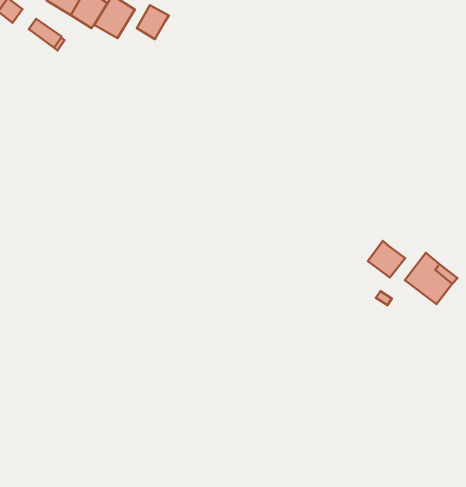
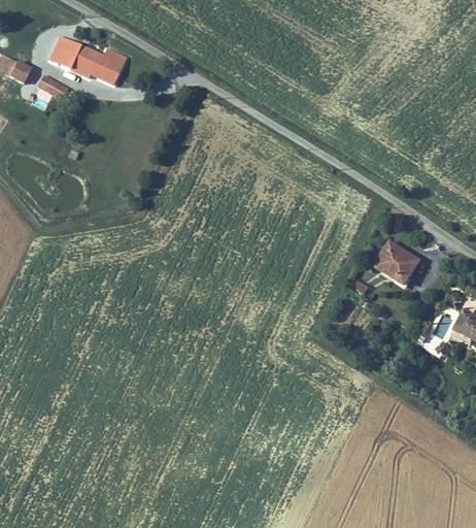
building: [137,5,169,39] -> none
building: [368,241,405,278] -> none

